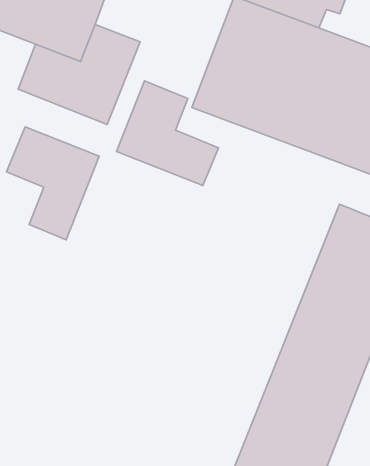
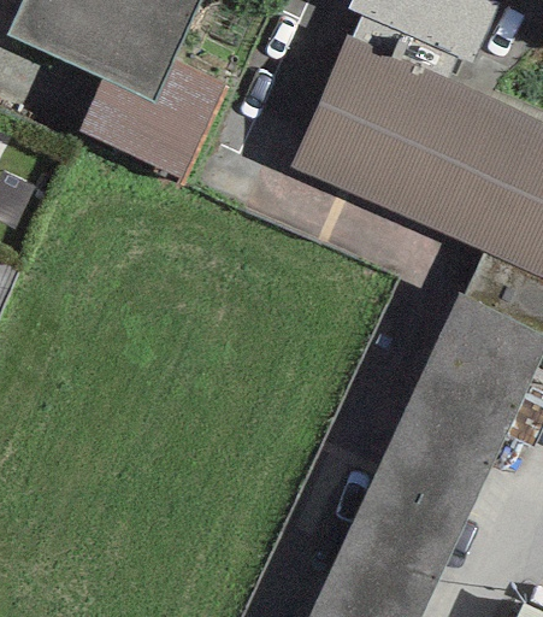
building: [117,81,219,186] -> none
building: [7,127,99,240] -> none

